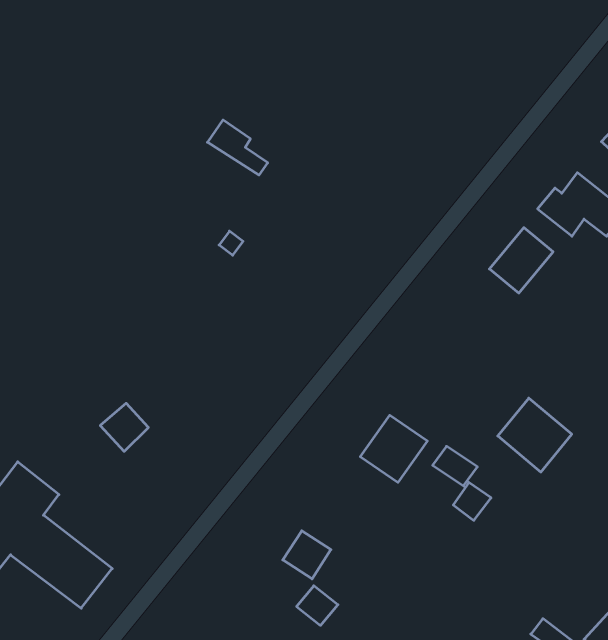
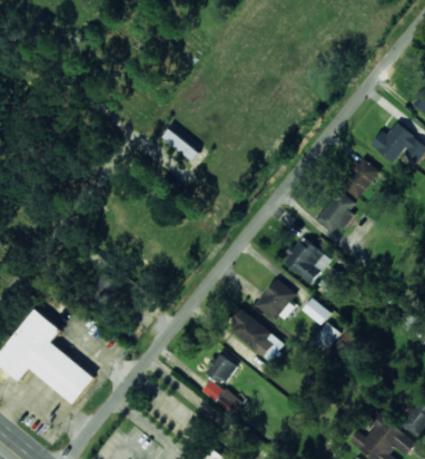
building: [207,120,268,175] -> [160,124,199,159]
building: none -> [313,195,356,234]
building: [498,398,572,472] -> [281,236,329,284]
building: none -> [227,310,283,362]

